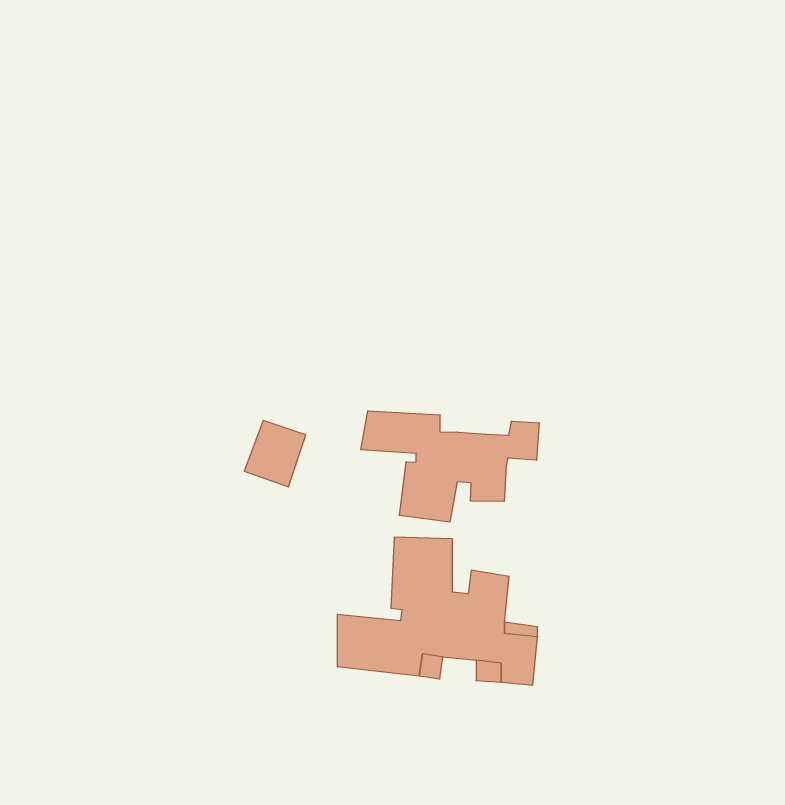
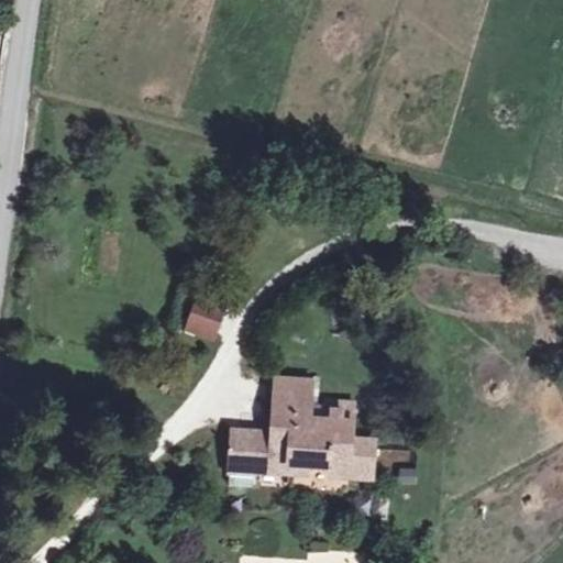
building: [361,411,539,522] -> none

